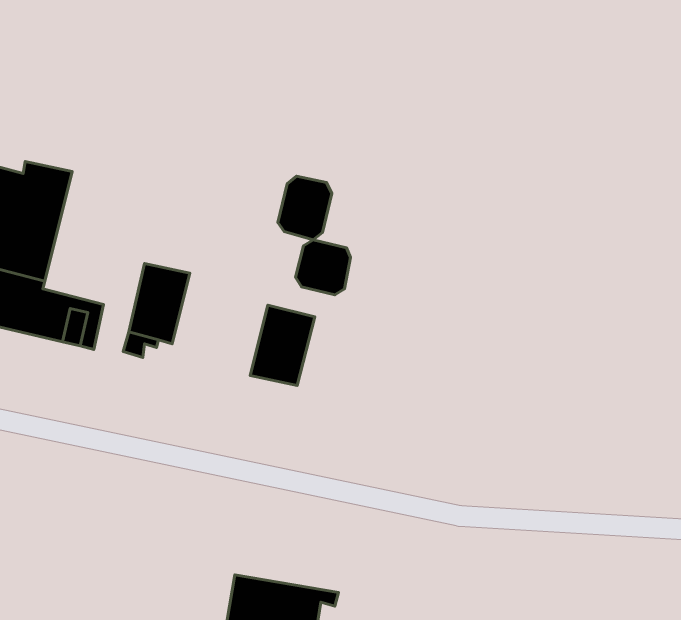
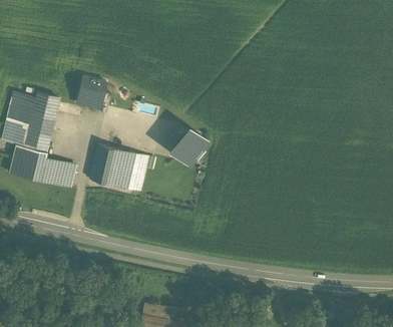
building: none -> [76,76,106,109]
building: [278,176,332,240] -> none
building: [250,305,315,385] -> [111,148,144,190]

